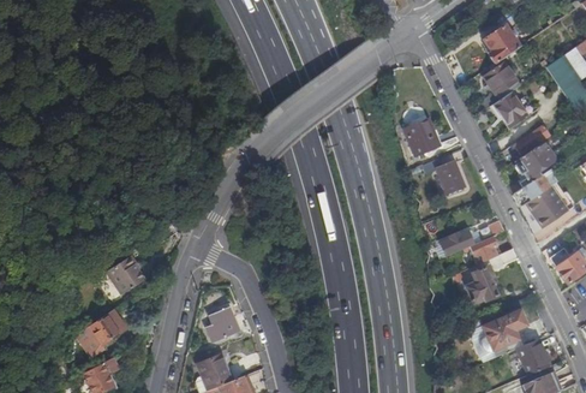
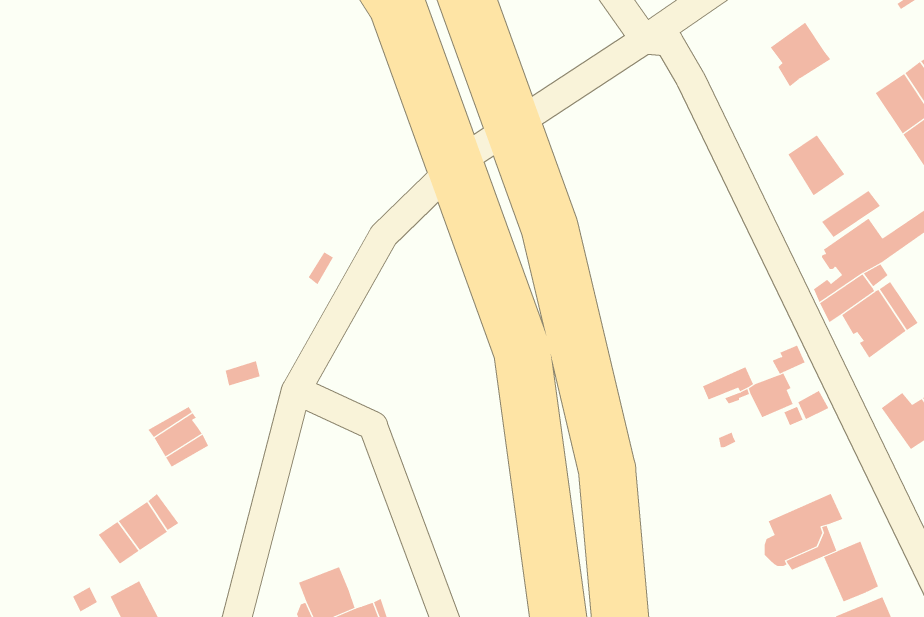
building: [482,59,519,109] -> none
building: [403,118,438,157] -> none
building: [423,159,465,193] -> none
building: [466,267,497,303] -> none
building: [207,306,240,343] -> none

